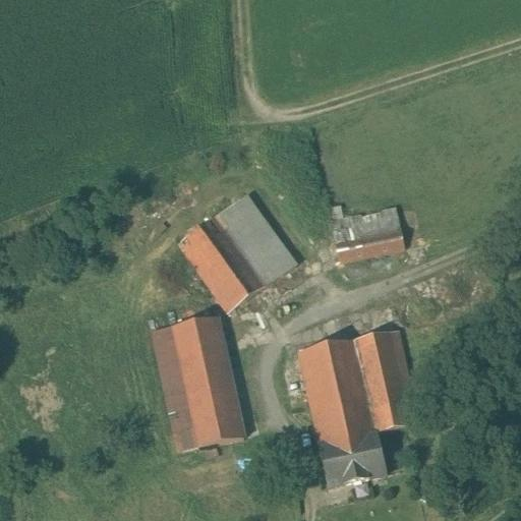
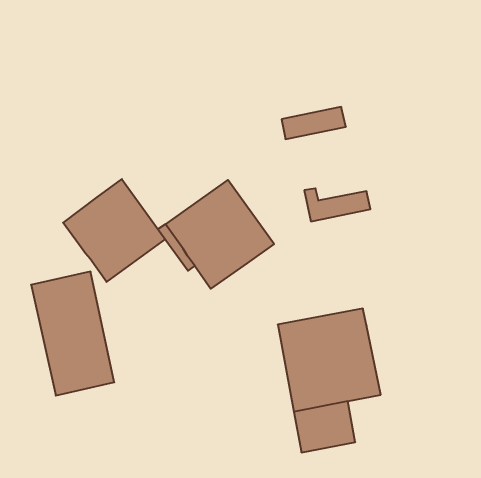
building: none -> [63,179,165,282]
building: [337,225,406,259] -> [282,107,346,139]
building: [155,314,244,448] -> [31,272,114,396]

